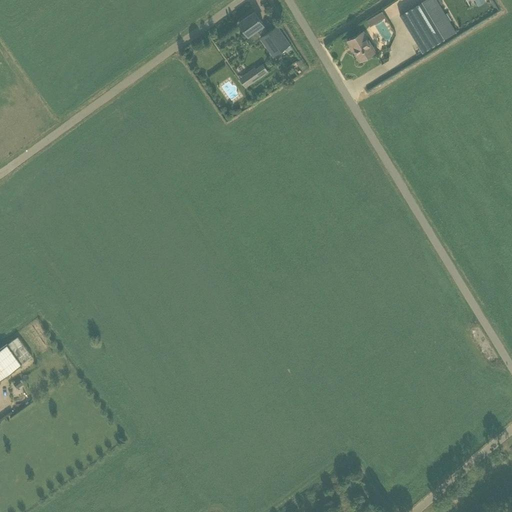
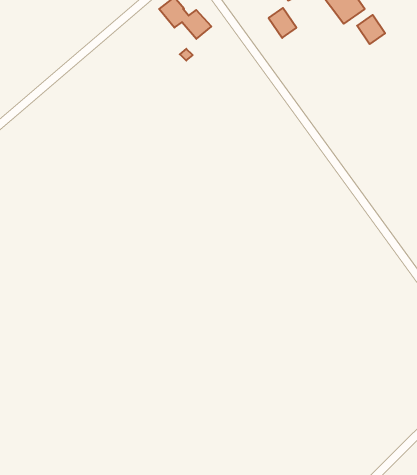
building: none -> [357,15,385,44]

